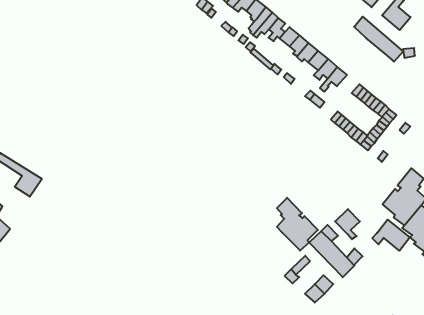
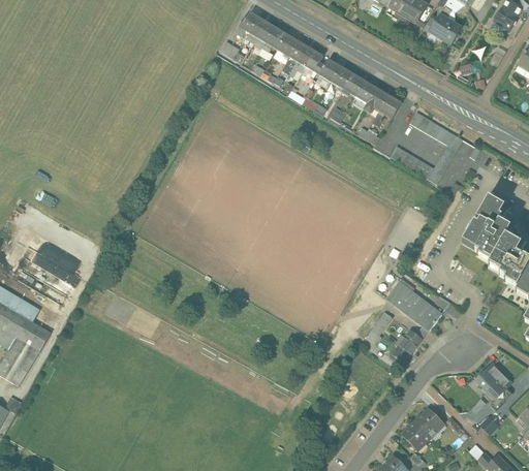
building: [354,17,403,62] -> none
building: [277,198,318,251] -> none
building: [335,209,360,239] -> none
building: [372,220,410,251] -> none

